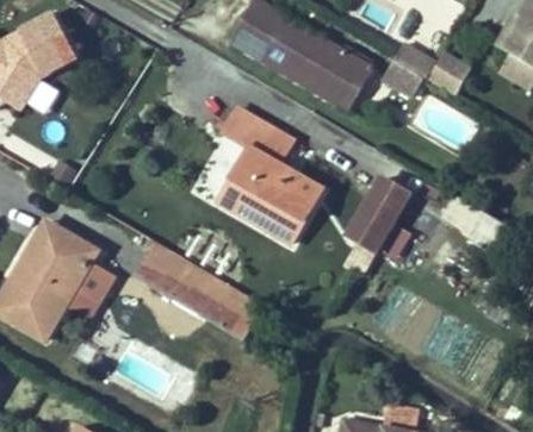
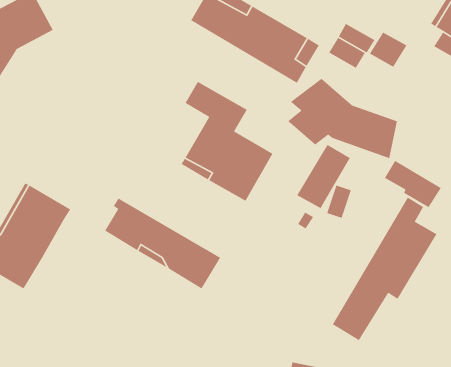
building: none -> [287,78,398,159]
building: none -> [332,197,437,341]
building: [66,263,112,318] -> none

